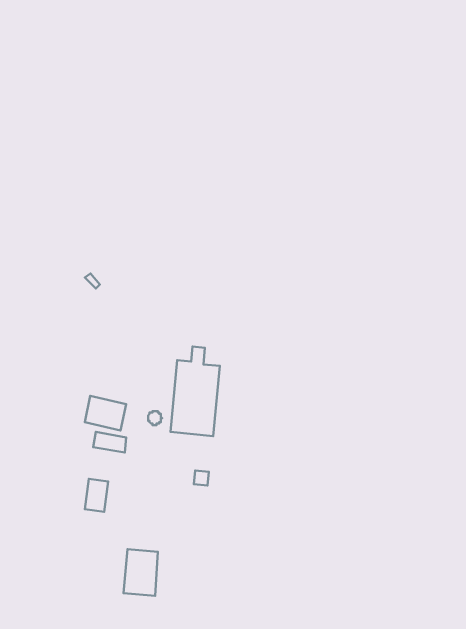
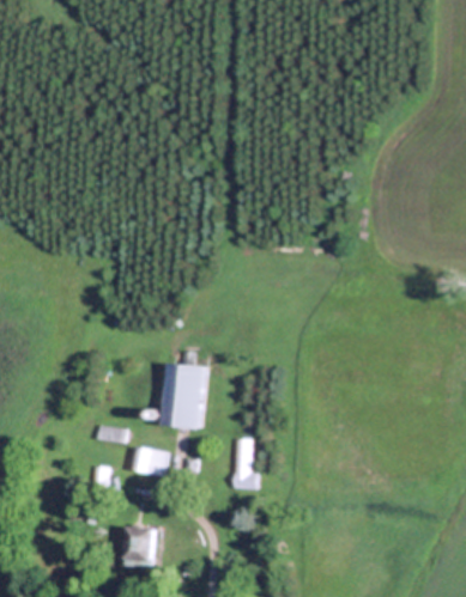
building: [85,396,126,430] -> [132,445,168,475]
building: none -> [234,439,258,489]

